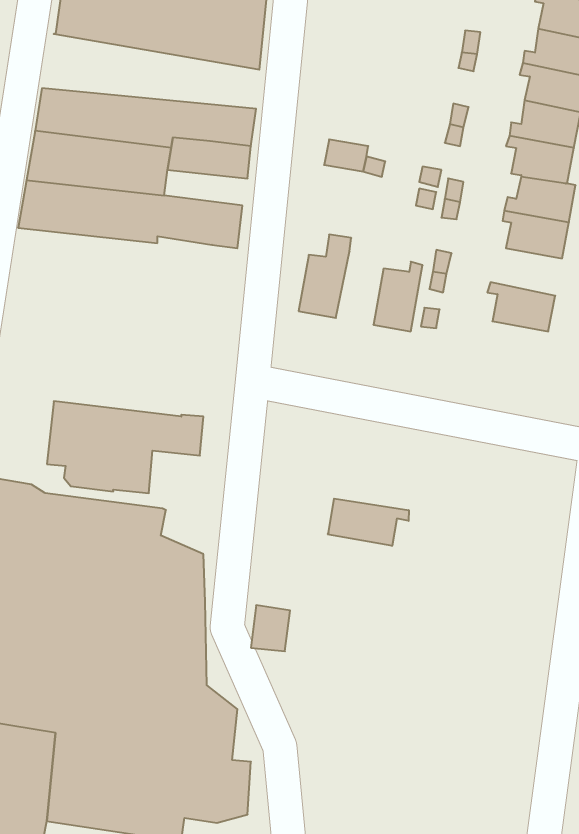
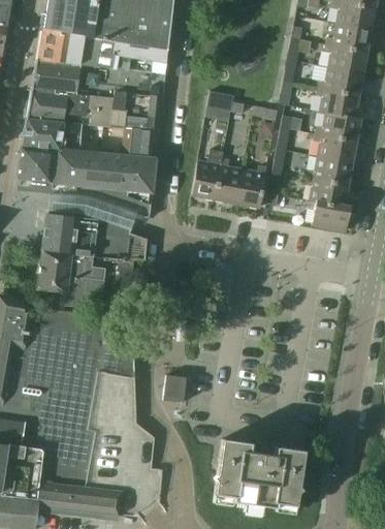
building: none -> [35,28,167,73]
building: none -> [109,111,160,132]
building: none -> [15,146,155,219]
building: none -> [308,158,351,187]
building: none -> [214,160,243,205]
building: none -> [308,203,350,231]
building: none -> [42,209,147,260]
building: [328,499,409,546] -> none
building: none -> [214,441,303,508]

